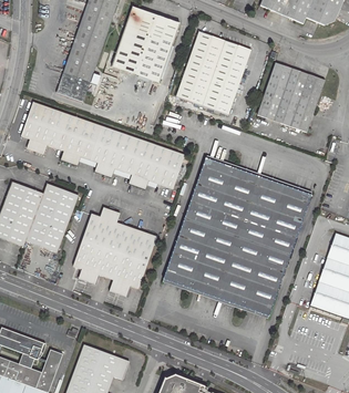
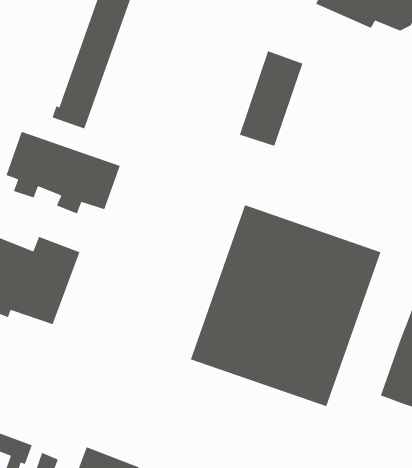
building: [111,7,179,82] -> none
building: [175,32,223,105] -> none
building: [257,62,325,132] -> none
building: [94,128,184,189] -> none
building: [72,207,156,294] -> none

